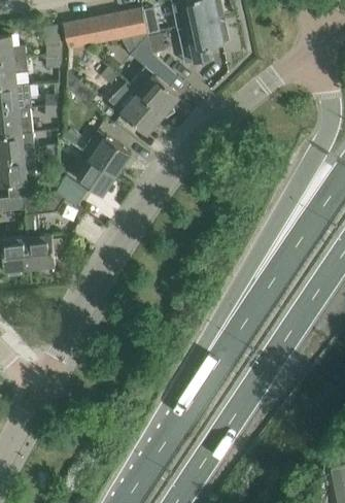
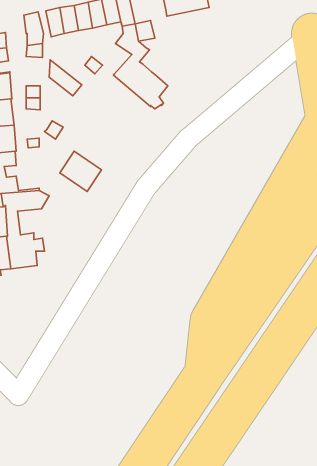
building: [177,22,228,65] -> none
building: [111,86,162,134] -> none
building: [83,132,130,175] -> none
building: [55,173,88,204] -> none

